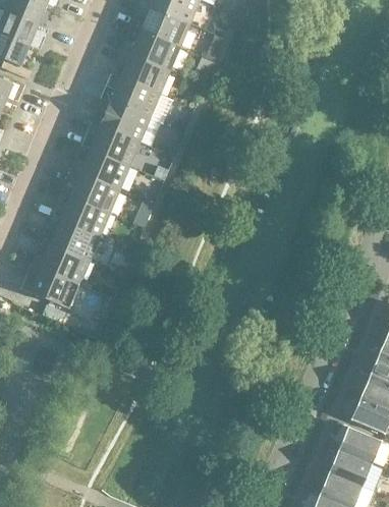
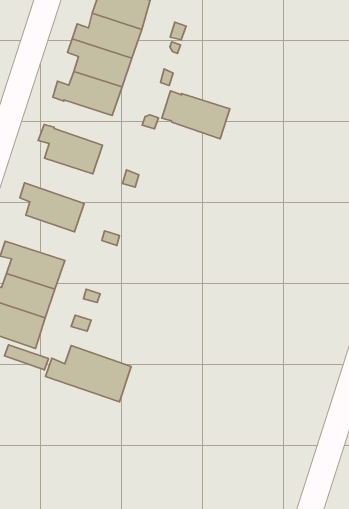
building: [92,99,150,143] -> [162,91,230,139]
building: [71,150,129,190] -> none
building: [51,196,110,237] -> none
building: none -> [45,345,131,402]

